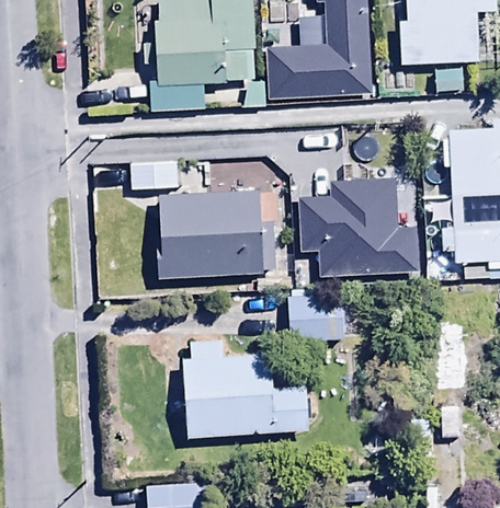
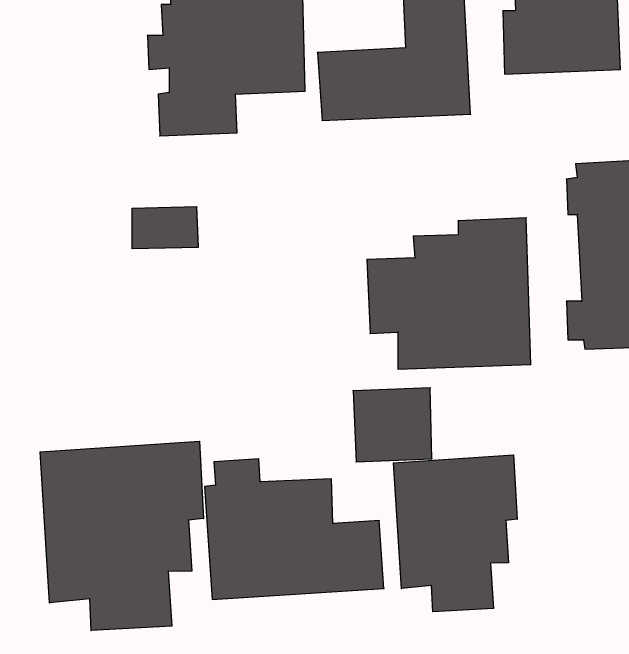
building: [156,190,264,278] -> none
building: none -> [40,441,204,631]
building: none -> [393,455,517,612]

